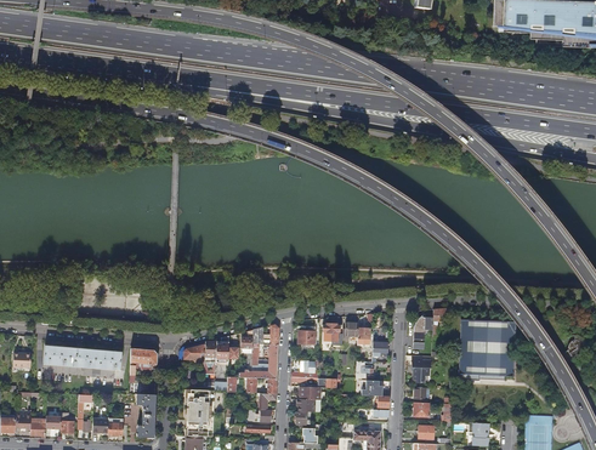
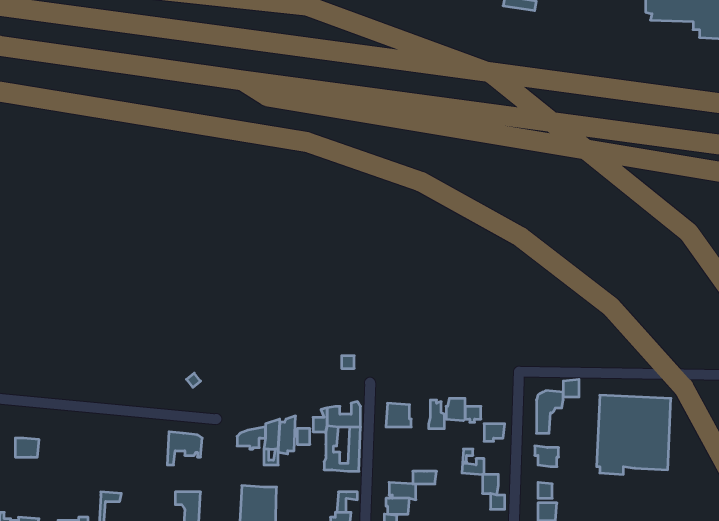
building: [44,344,121,369] -> none

